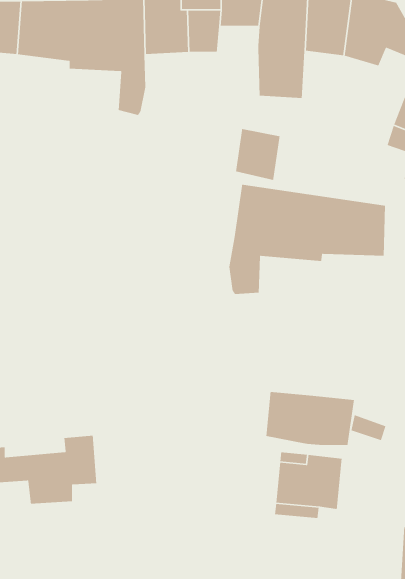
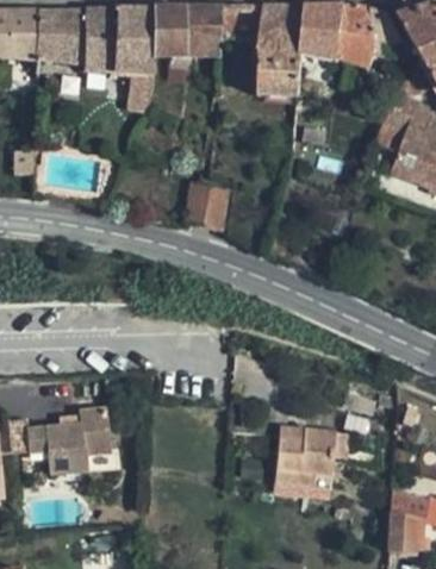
building: [235,128,280,181] -> [187,182,229,231]
building: [229,184,386,295] -> none
building: [266,391,355,446] -> none

